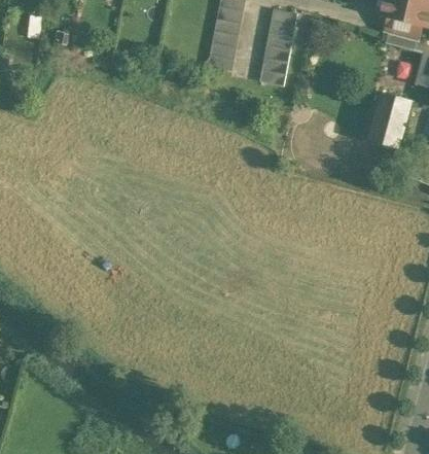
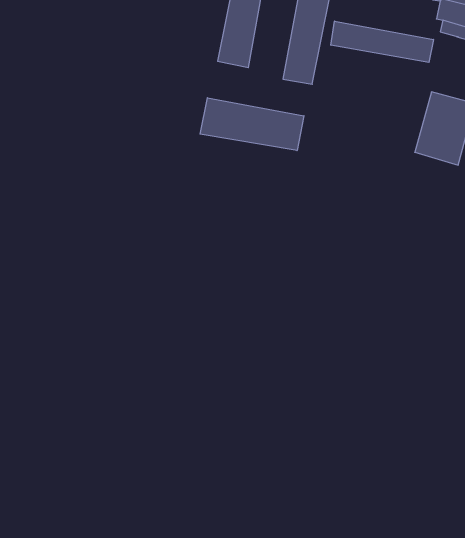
building: none -> [331,21,433,62]
building: none -> [200,98,304,151]

